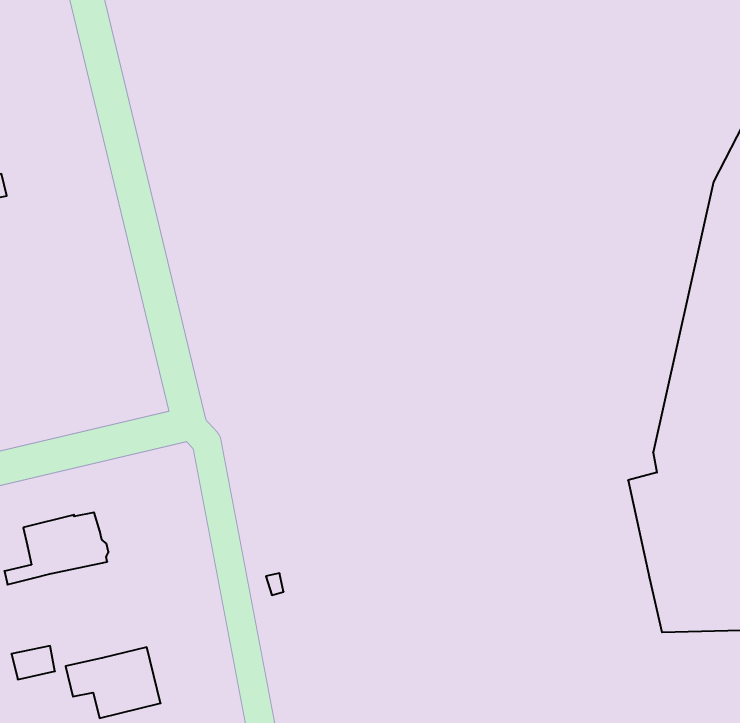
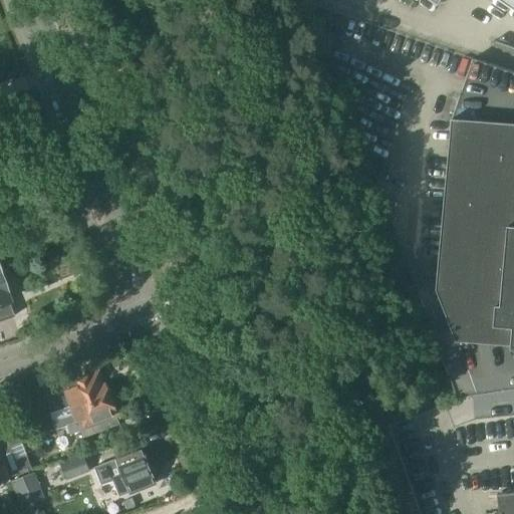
building: none -> [53,401,120,439]

